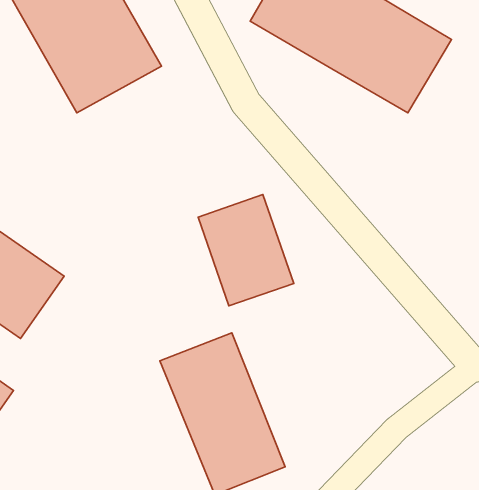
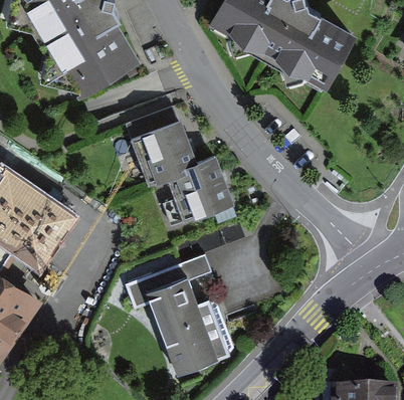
building: none -> [122,109,195,181]

